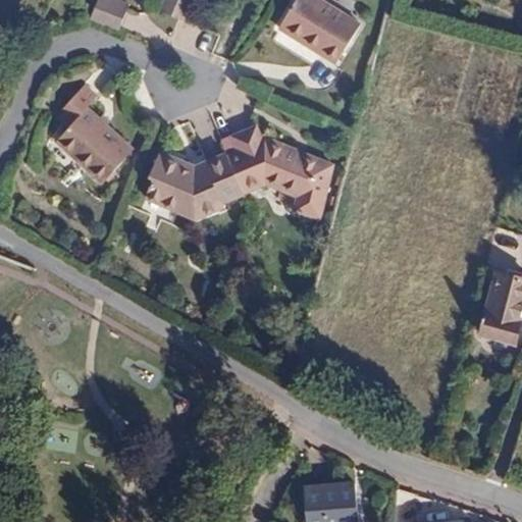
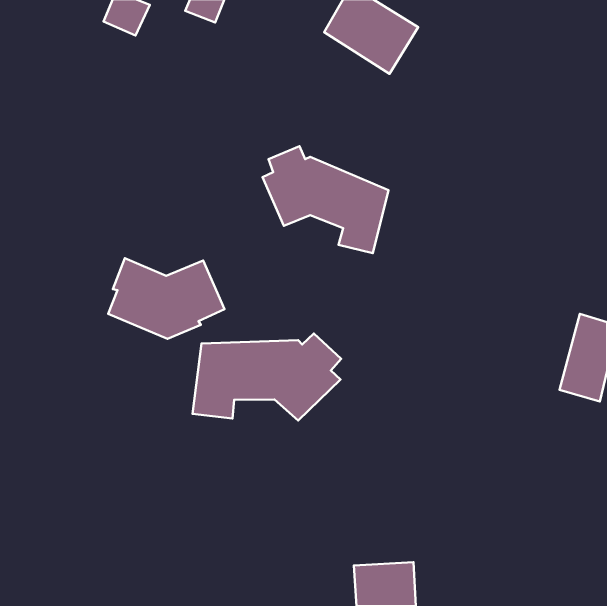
building: [54,85,133,185] -> none
building: [144,150,244,219] -> [108,258,225,339]
building: none -> [192,334,341,421]

